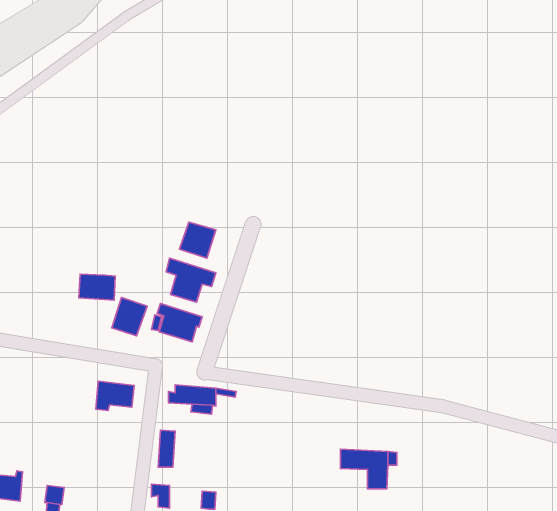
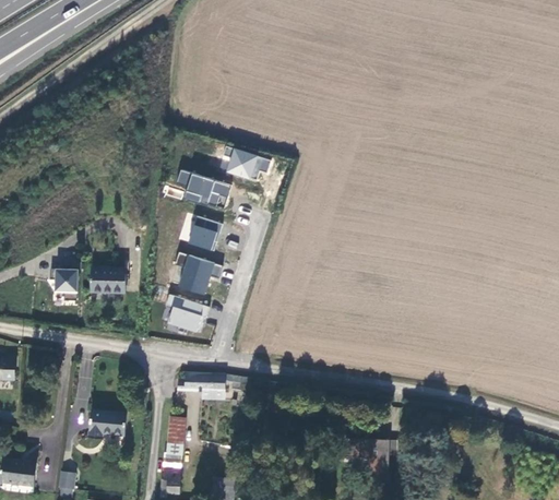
building: none -> [223,146,271,180]
building: none -> [176,169,231,209]
building: none -> [53,269,78,294]
building: [112,297,147,336] -> none
building: [96,381,134,410] -> [90,406,127,434]

